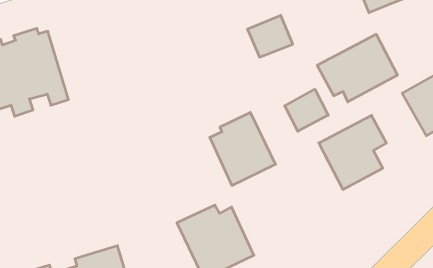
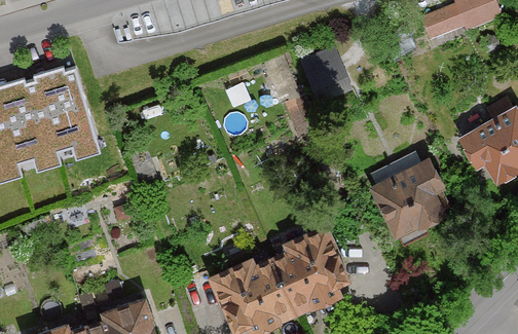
building: [317,34,397,102] -> none
building: [285,89,328,131] -> none
building: [210,112,276,185] -> [274,234,347,316]

